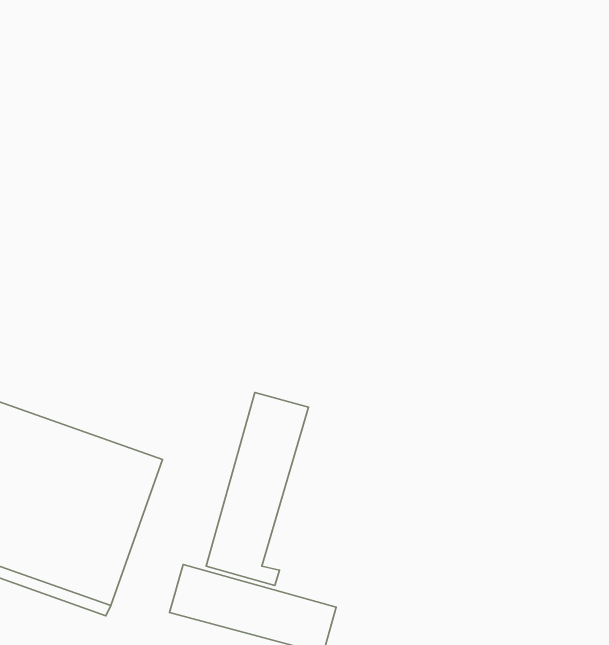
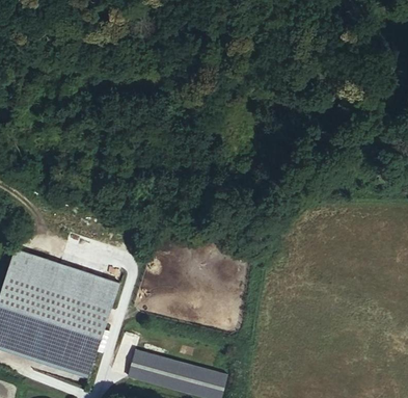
building: [206,392,309,586] -> none

